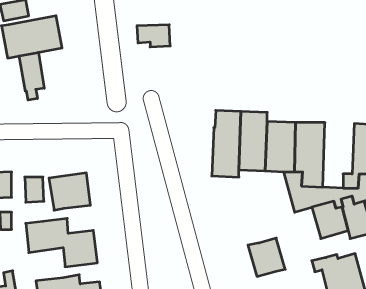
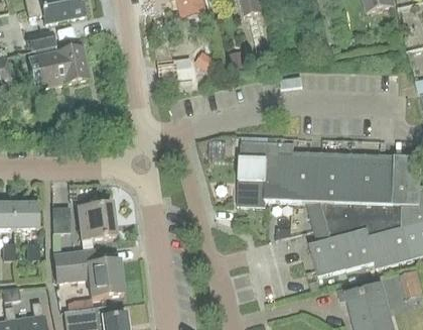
building: [19,52,44,100] -> none
building: none -> [348,152,380,218]
building: [248,238,285,276] -> [309,237,346,276]

